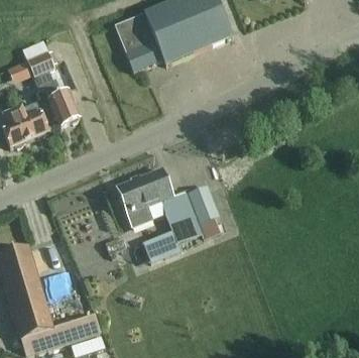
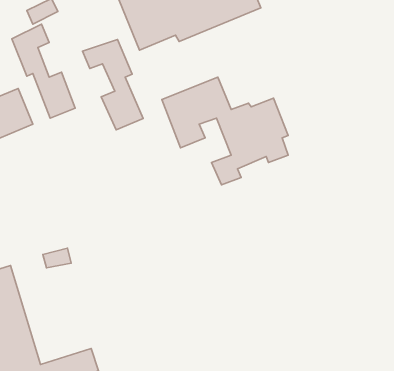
building: none -> [83,39,143,130]
building: [116,166,219,254] -> [162,77,288,185]

